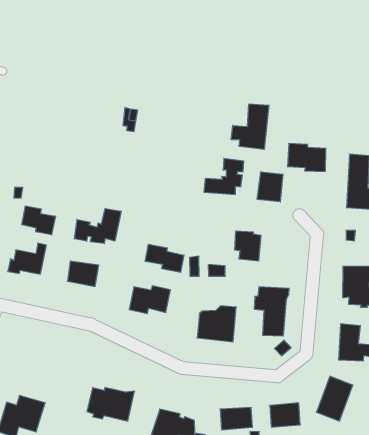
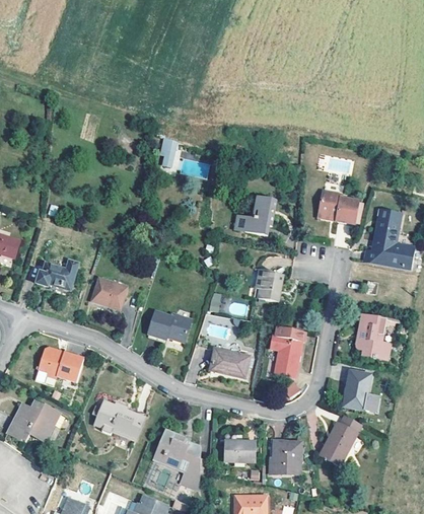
building: [231,104,269,150] -> none
building: [257,172,283,202] -> none
building: [22,206,55,235] -> none
building: [74,208,121,244] -> none
building: [145,244,184,272] -> none
building: none -> [36,349,79,380]

